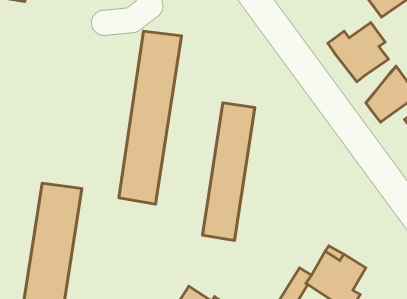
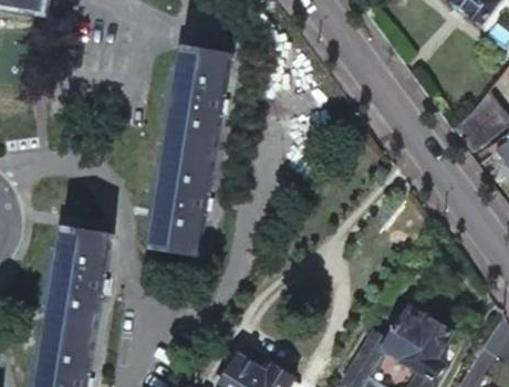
building: [328,23,389,82] -> none
building: [203,103,255,241] -> none

